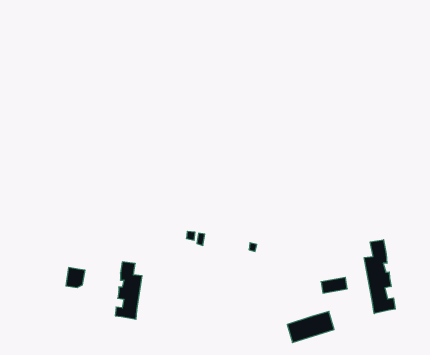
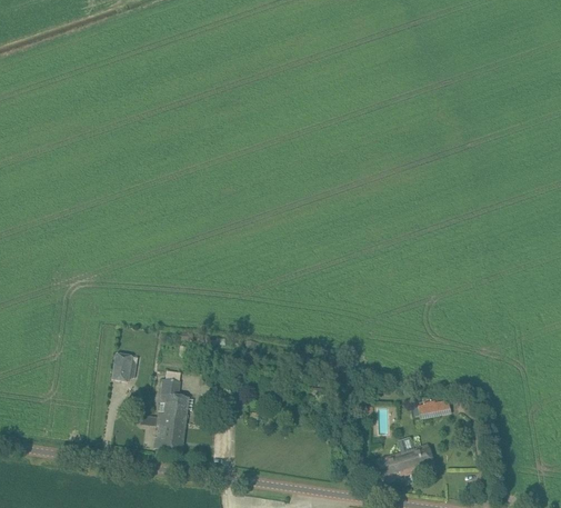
building: [364,240,395,314] -> none
building: [66,268,85,288] -> [112,353,137,379]

